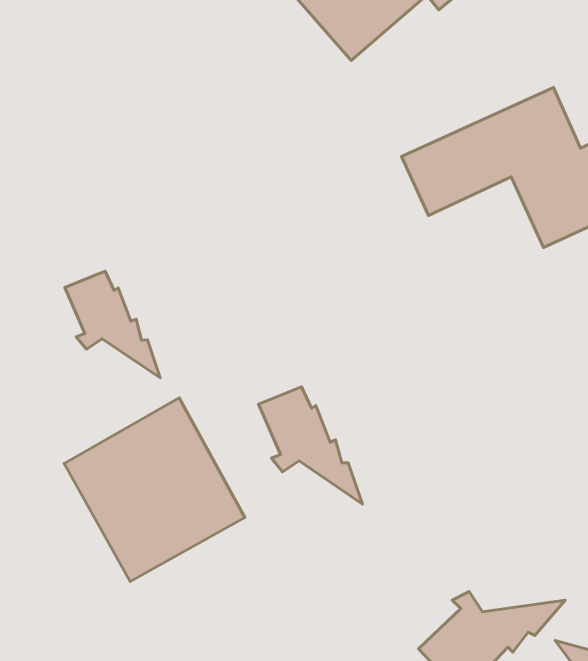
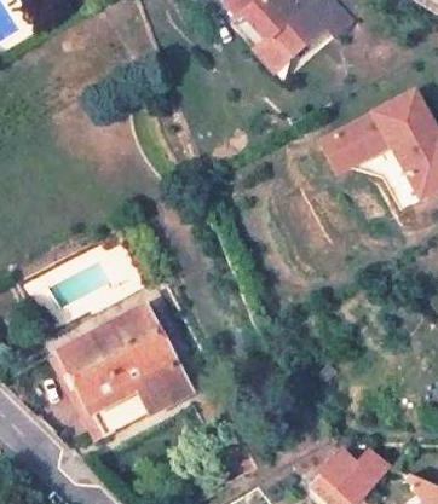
building: [65,271,160,378] -> none
building: [259,387,362,504] -> none

